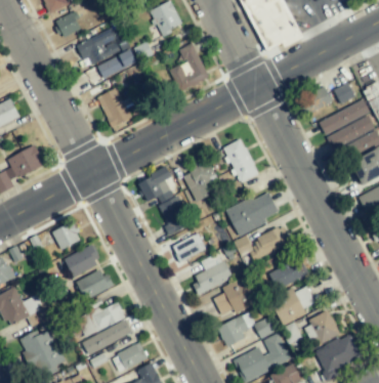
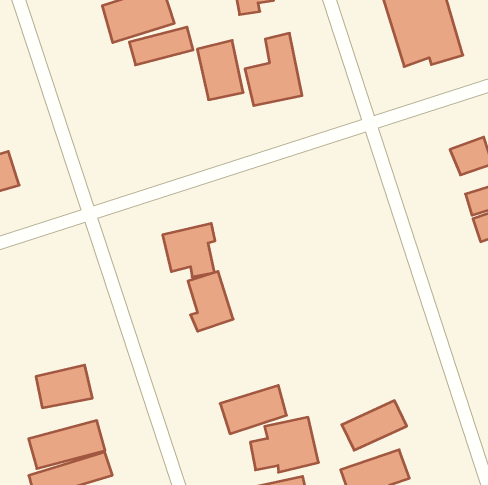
building: [97,88,130,127] -> [197,40,243,100]
building: [222,139,258,183] -> none
building: [180,162,220,203] -> none
building: [225,190,278,237] -> none
building: [51,221,81,250] -> none
building: [247,224,291,260] -> none
building: [170,231,205,262] -> none
building: [64,246,99,276] -> none

